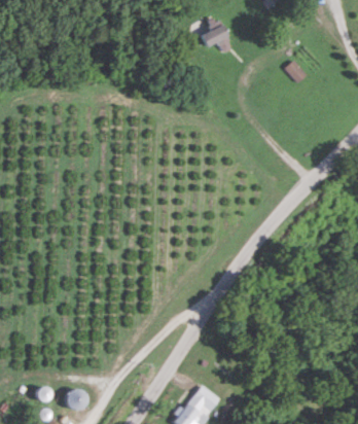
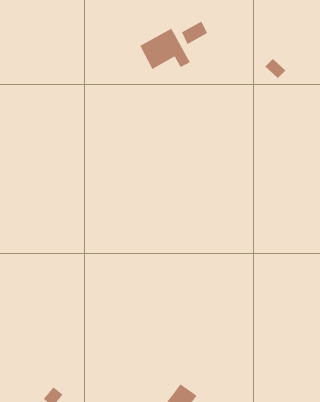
building: none -> [139,28,190,70]

